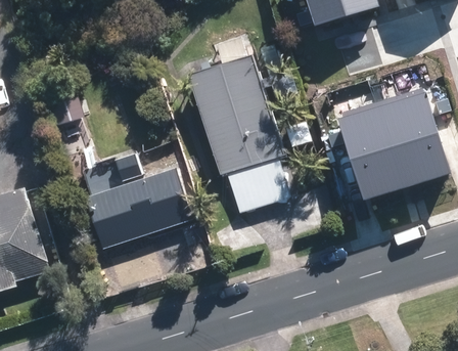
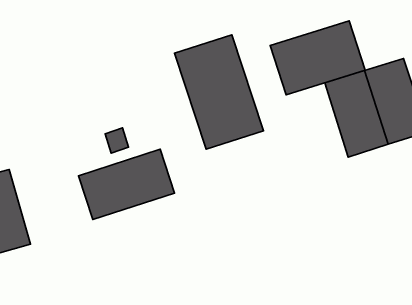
building: none -> [270,21,365,95]
building: [228,163,287,216] -> none

